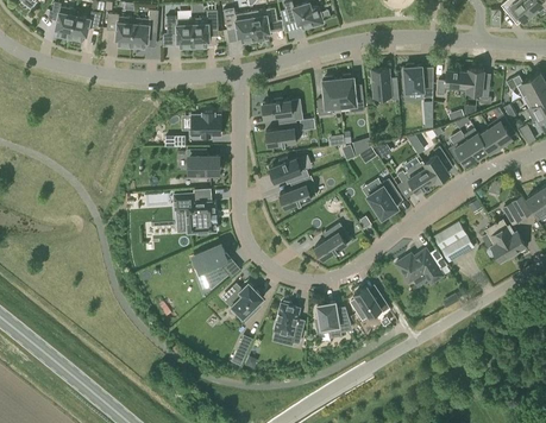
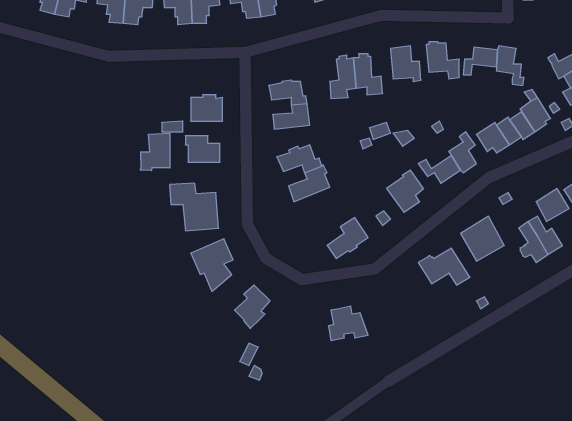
building: none -> [140,133,170,171]
building: [353,285,390,316] -> none
building: [275,301,303,343] -> none

